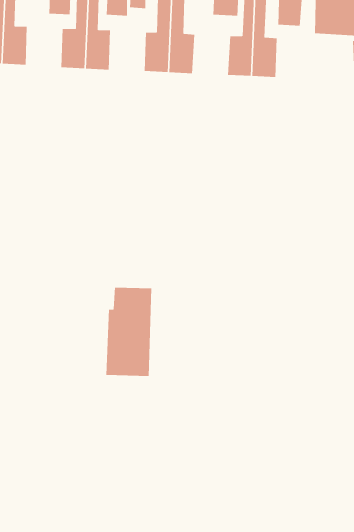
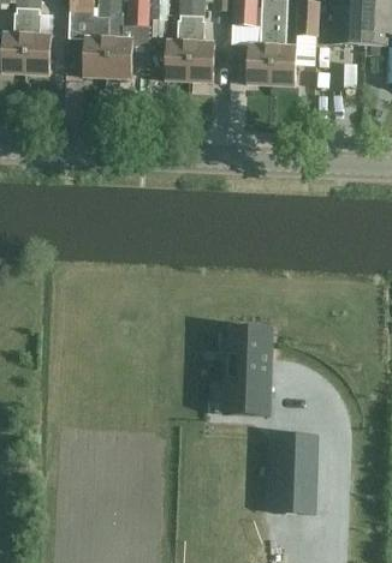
building: [106,287,152,376] -> [224,327,269,414]
building: none -> [273,433,315,511]

